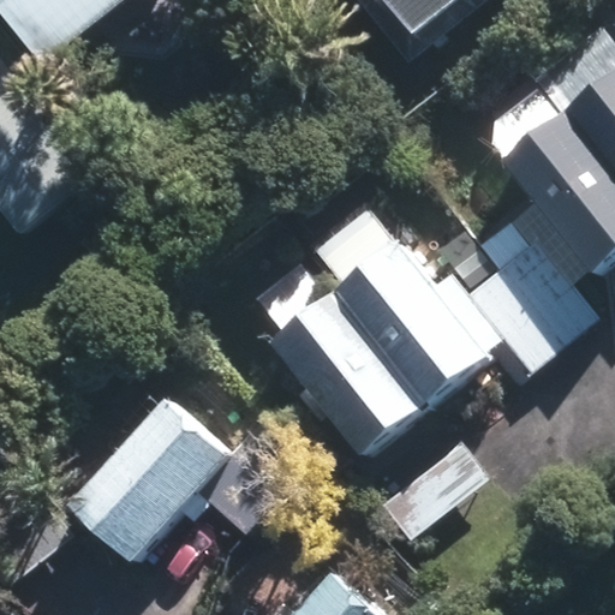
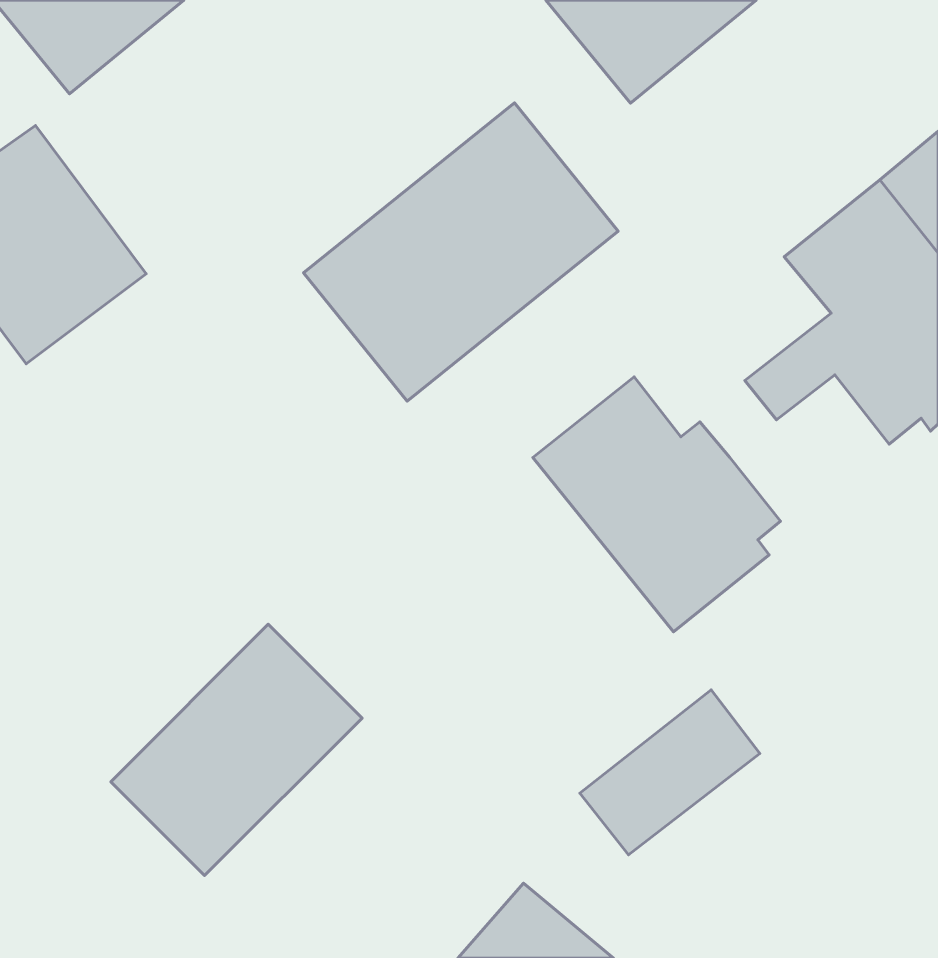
building: none -> [303,103,618,401]
building: [467,240,593,368] -> none
building: [275,293,431,458] -> none

